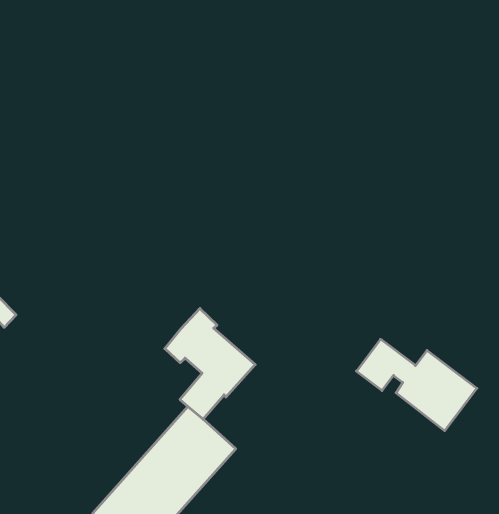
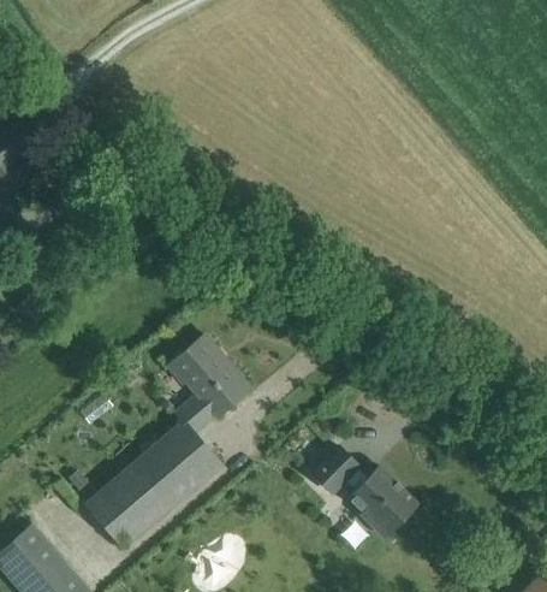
building: [356,339,477,431] -> [314,448,418,537]

